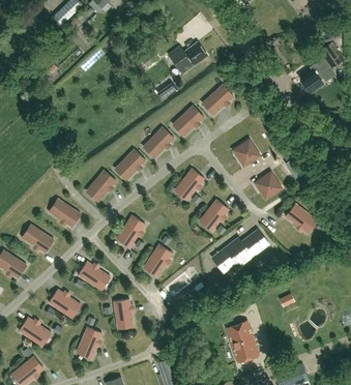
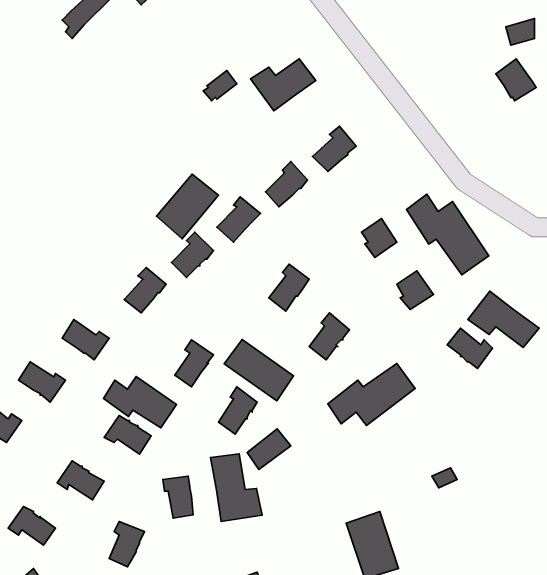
building: [299,62,326,93] -> none
building: none -> [156,174,219,239]
building: none -> [407,194,489,275]
building: none -> [468,291,539,348]
building: none -> [224,339,293,401]
building: none -> [104,377,176,428]
building: none -> [211,454,262,521]

